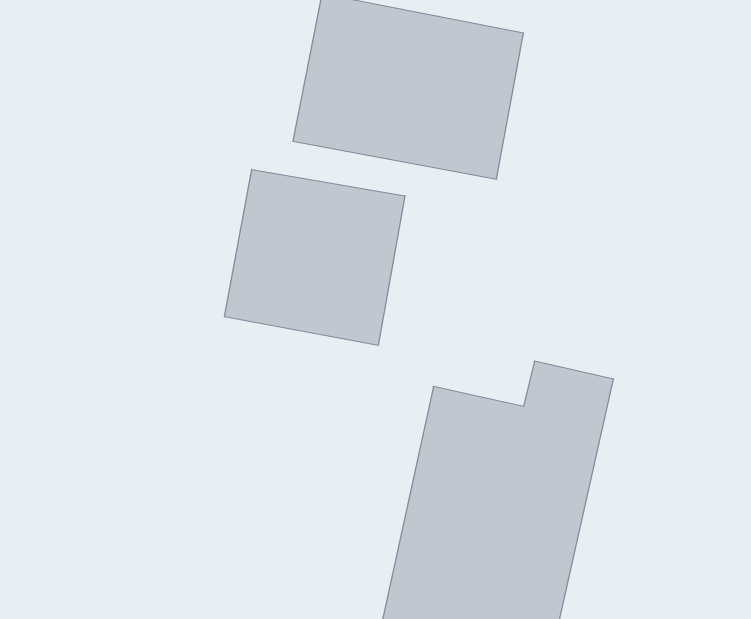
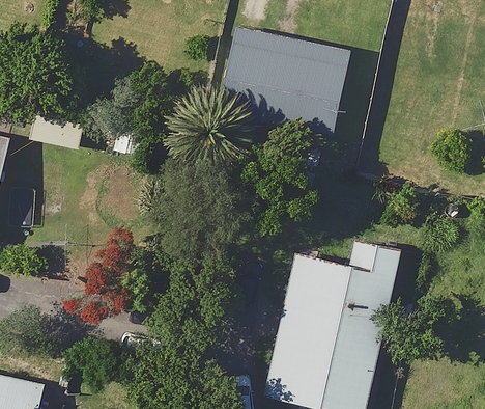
building: [224,169,405,345] -> none

